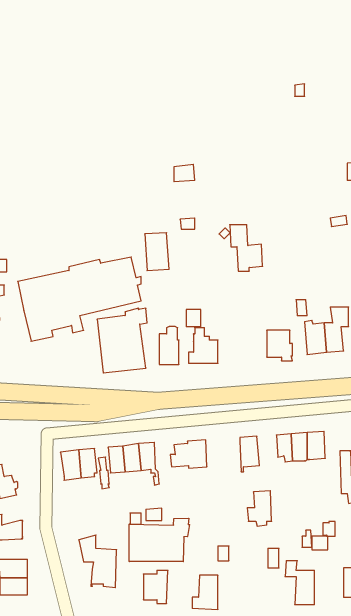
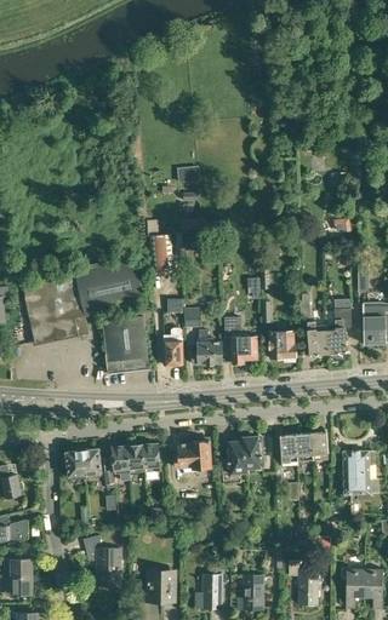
building: [230,225,263,271] -> [224,317,257,363]
building: [247,491,272,526] -> [221,442,245,477]
building: [129,518,190,562] -> none
building: none -> [238,575,264,610]

